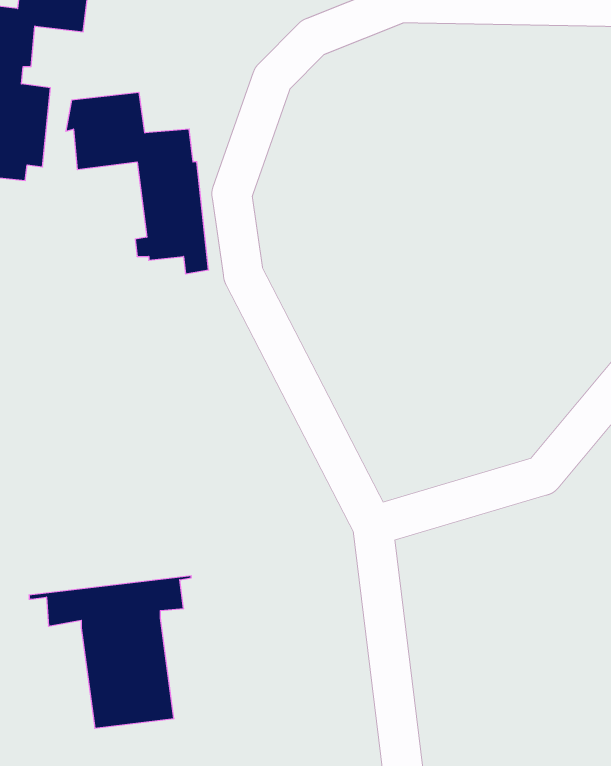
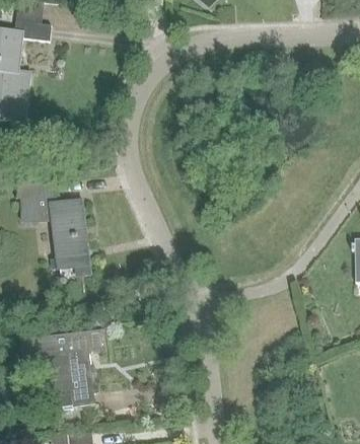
building: [66,92,209,274] -> [14,181,89,277]

